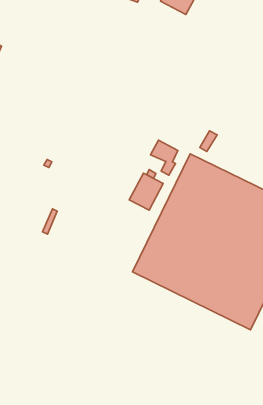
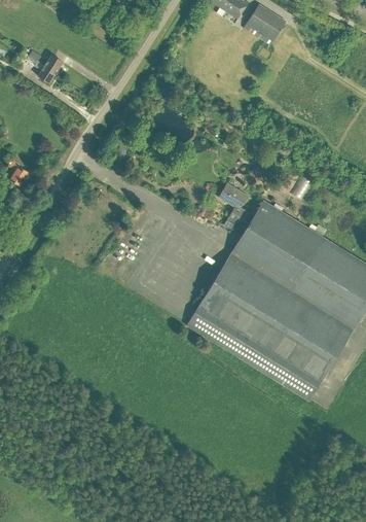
building: [129,173,163,210] -> none

